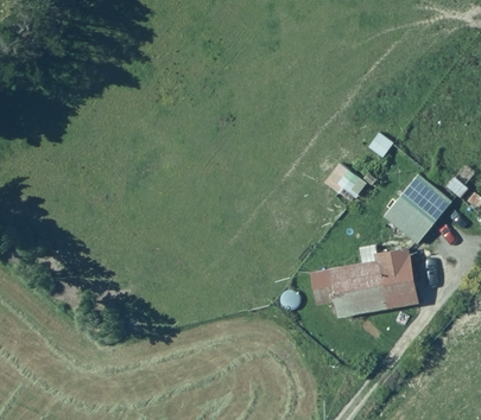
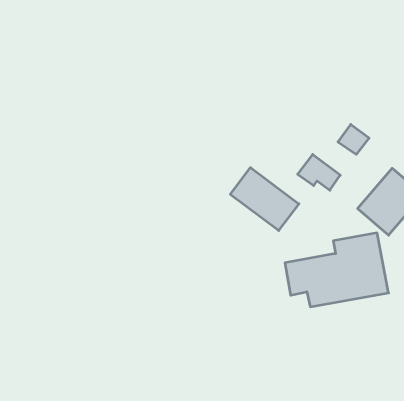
building: none -> [230,168,299,231]

